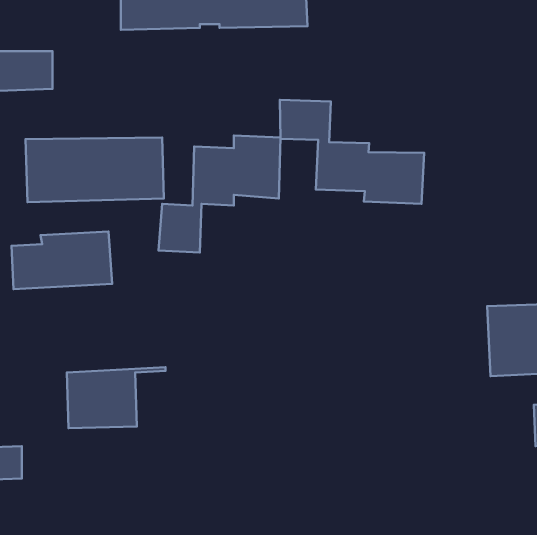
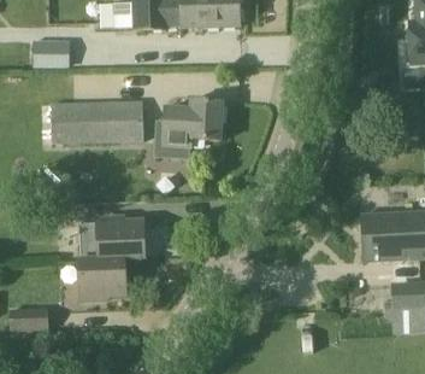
building: [280,100,424,204] -> none
building: [12,232,112,289] -> [77,220,144,258]

